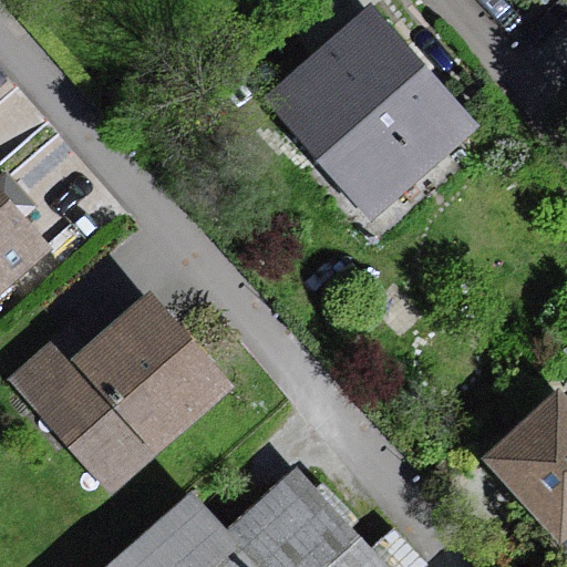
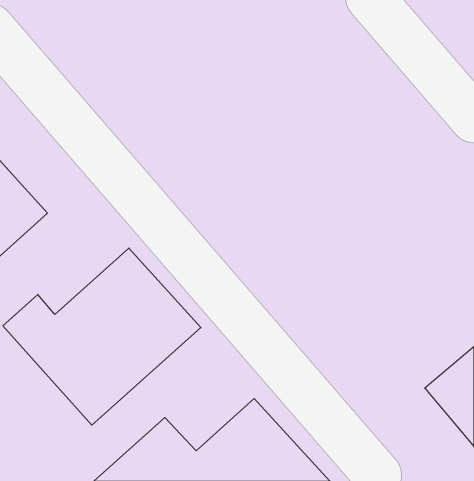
building: [267,14,472,221] -> none

